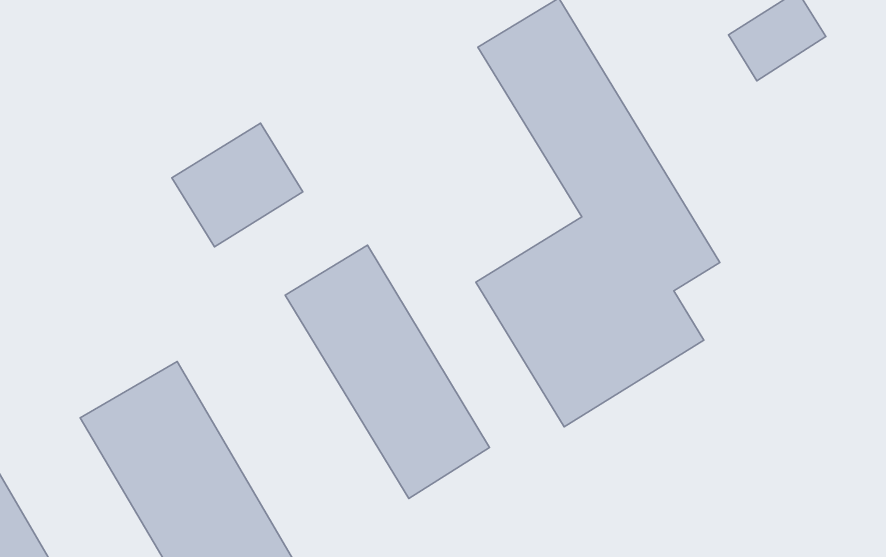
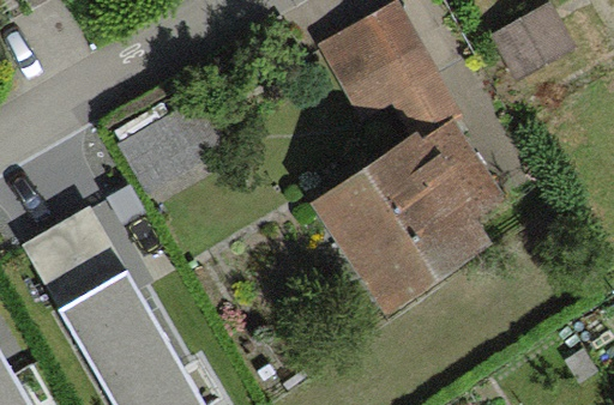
building: [285,245,489,499] -> none

